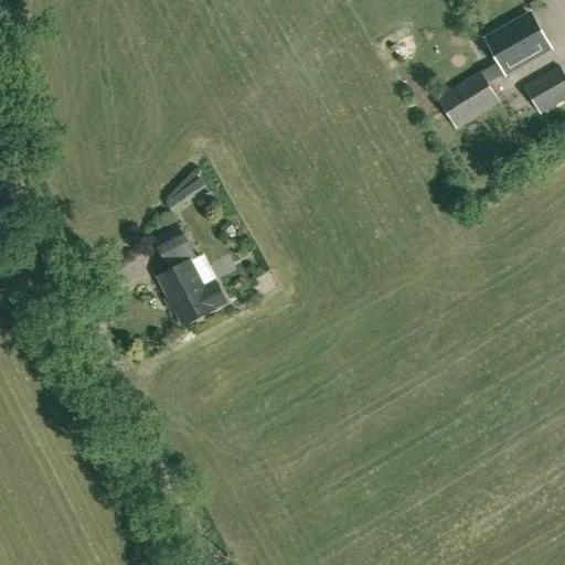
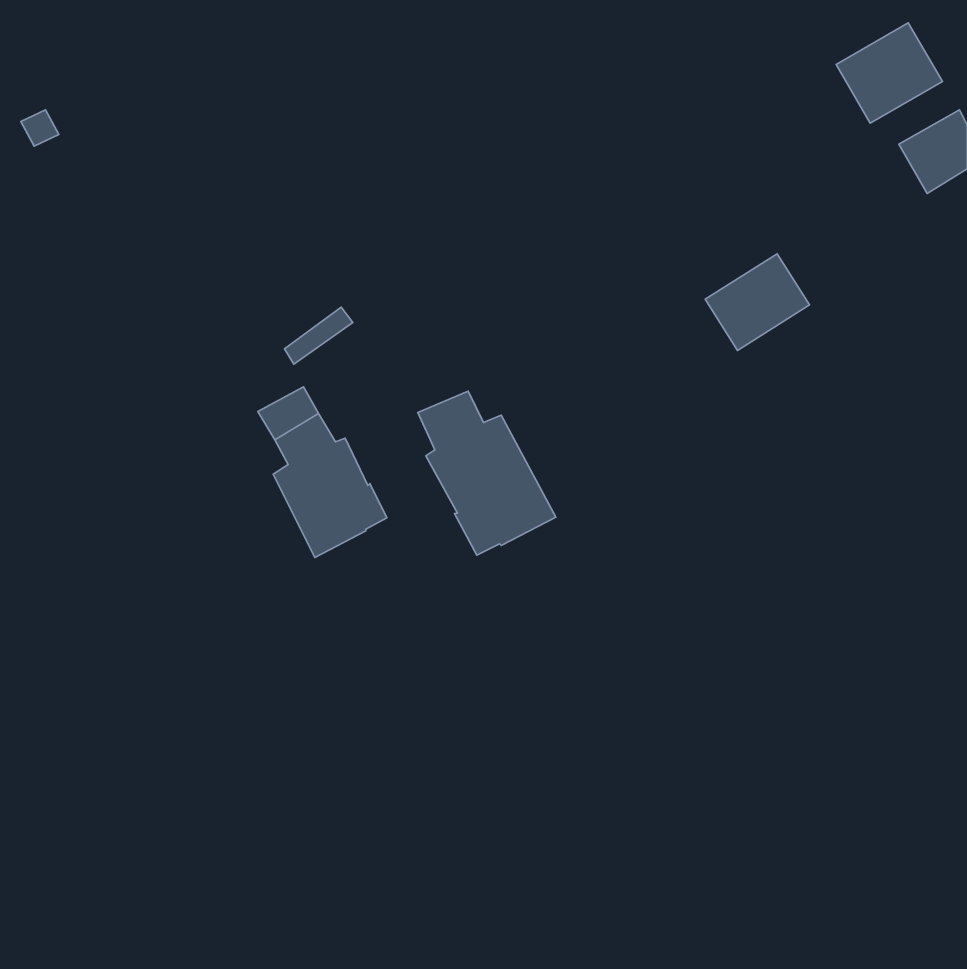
building: [437,71,498,127] -> [705,254,809,350]
building: none -> [418,391,556,555]

